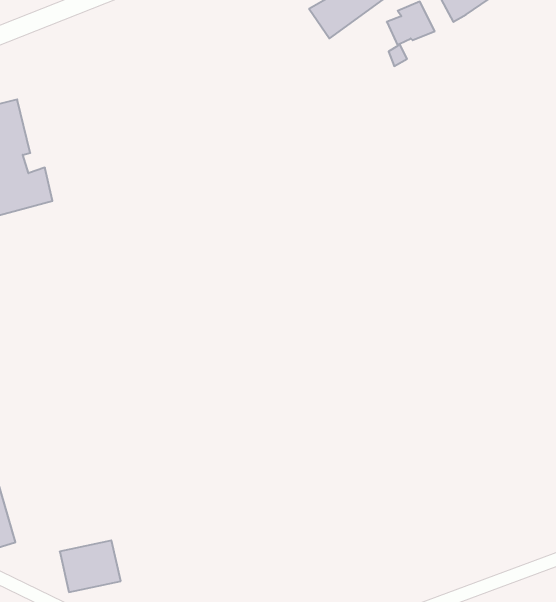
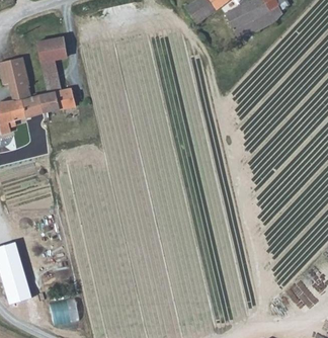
building: none -> [38,37,78,112]

